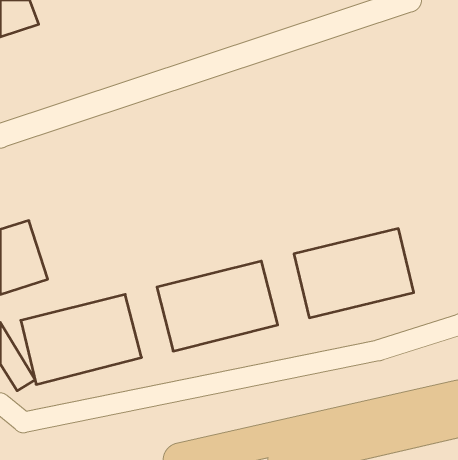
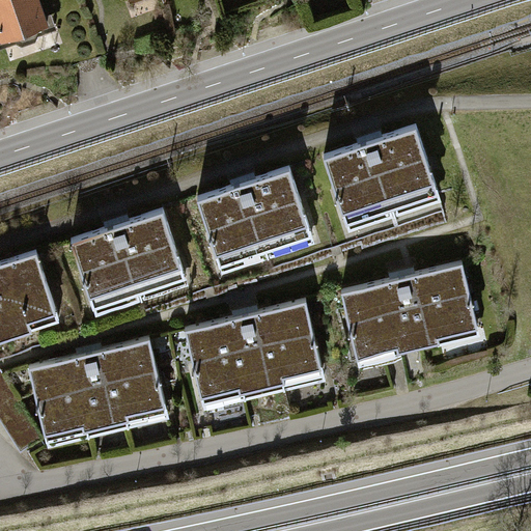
building: none -> [326,131,437,226]
building: none -> [196,171,311,270]
building: none -> [69,214,184,310]

